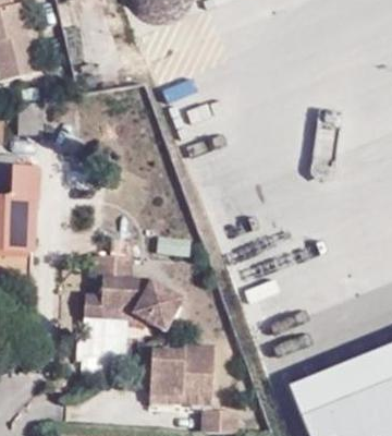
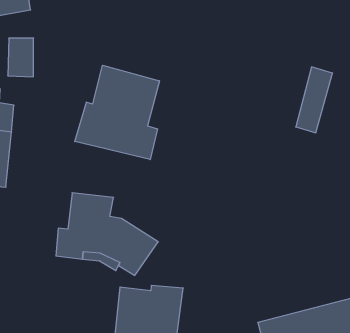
building: none -> [75,65,159,160]

